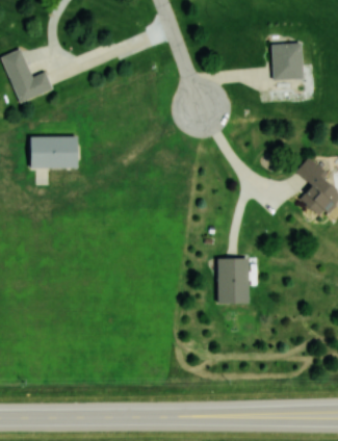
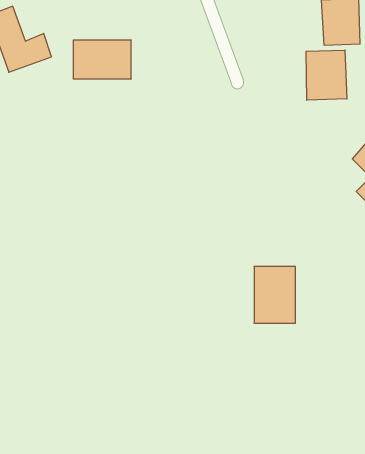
building: none -> [306,50,347,100]
building: [30,136,77,167] -> [73,40,131,79]

